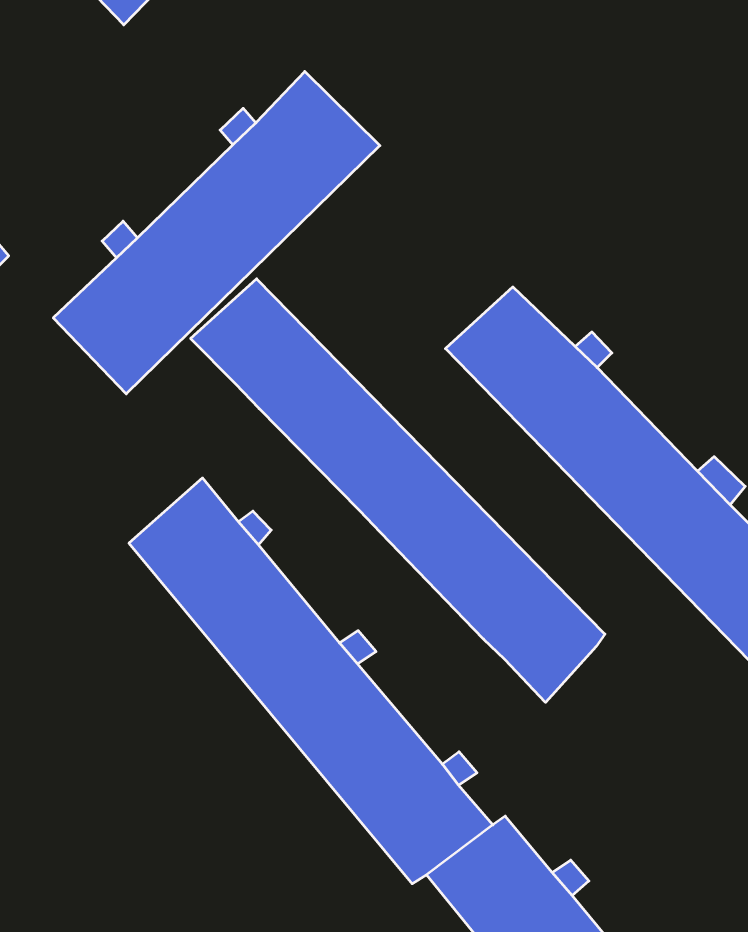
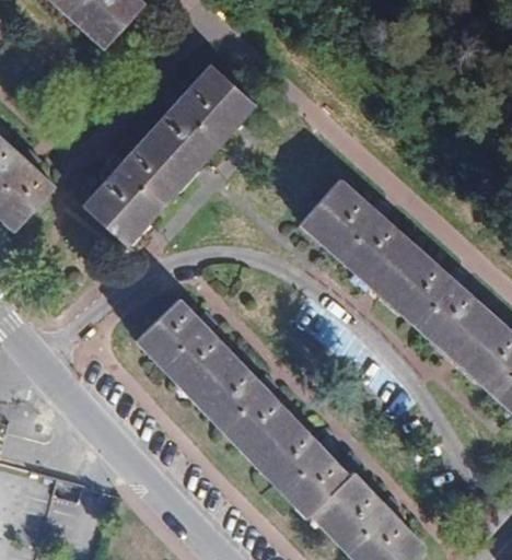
building: [191,279,605,702] -> none

